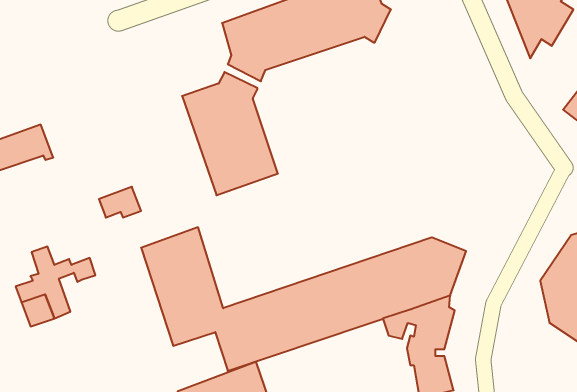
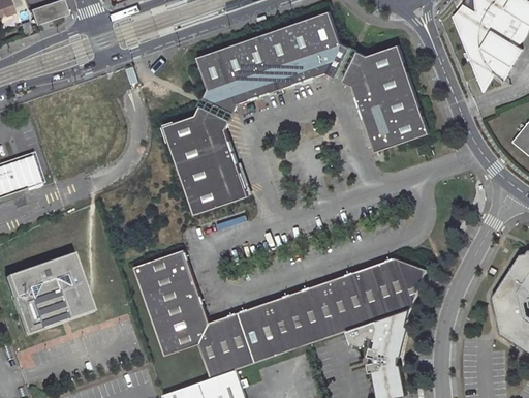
building: none -> [346,45,435,154]
building: [99,187,141,218] -> [43,252,82,280]
building: none -> [7,269,35,300]
building: none -> [54,287,96,323]

